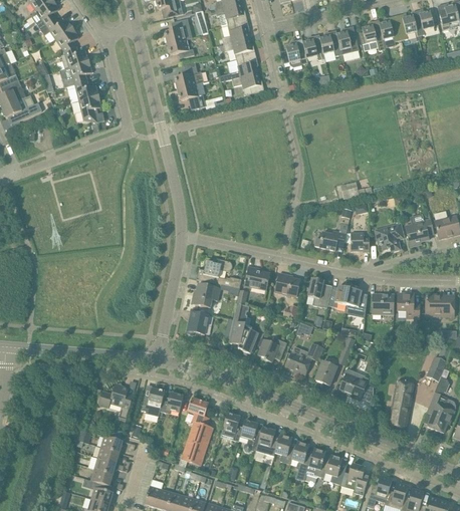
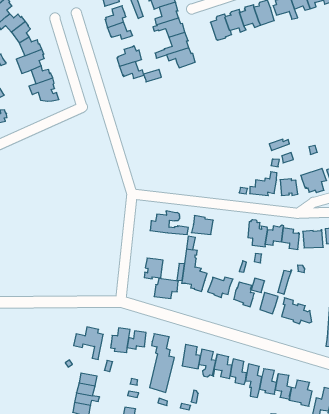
building: [275,273,300,296] -> none
building: [191,283,220,307] -> [154,278,178,298]

